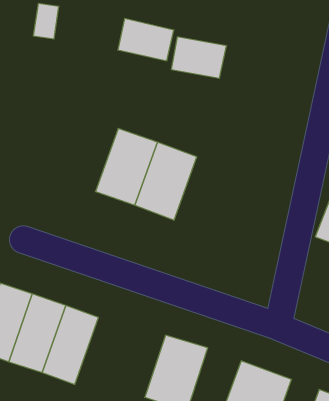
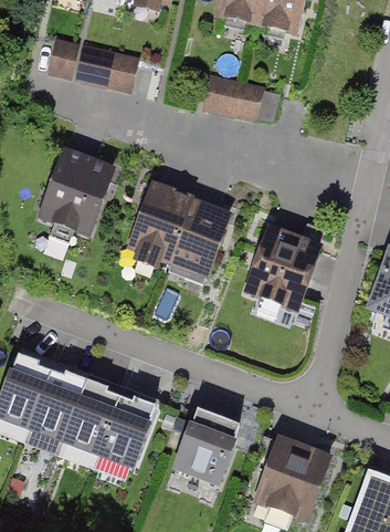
building: [118,18,174,61] -> [76,42,139,90]
building: none -> [33,146,113,234]
building: none -> [236,226,325,311]
building: none -> [94,389,158,478]

